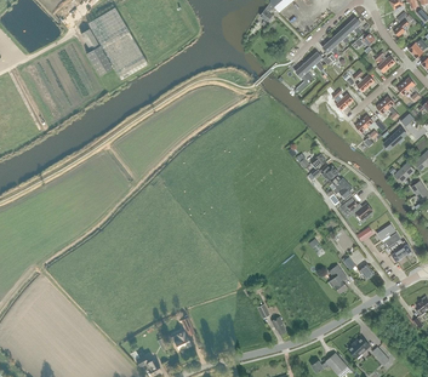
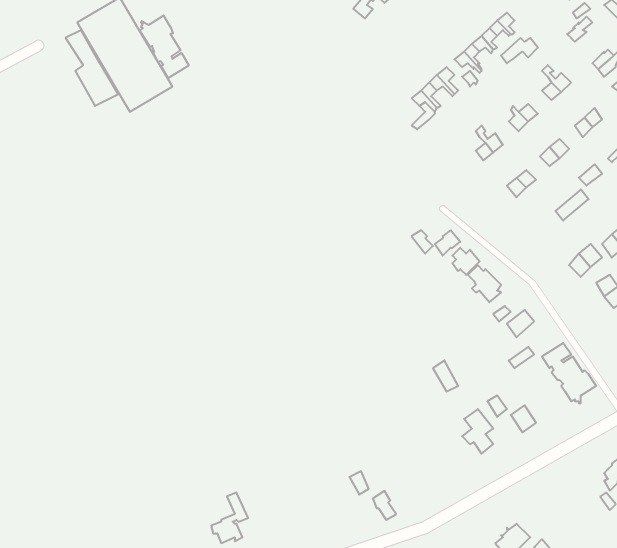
building: none -> [140,15,189,78]

